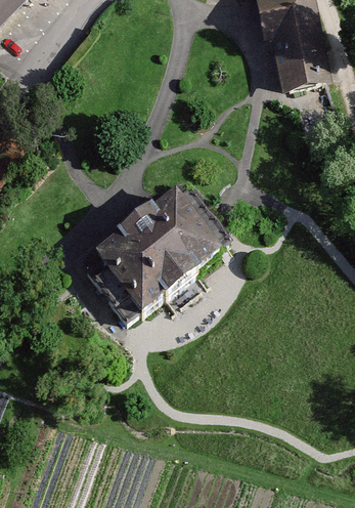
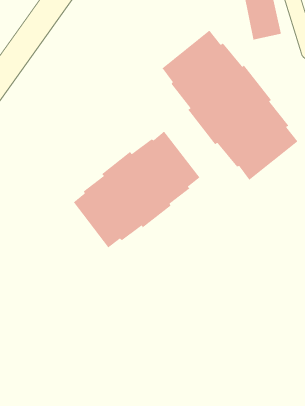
building: none -> [161,29,298,181]

